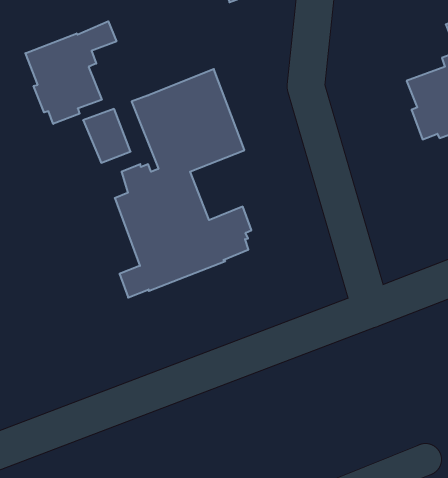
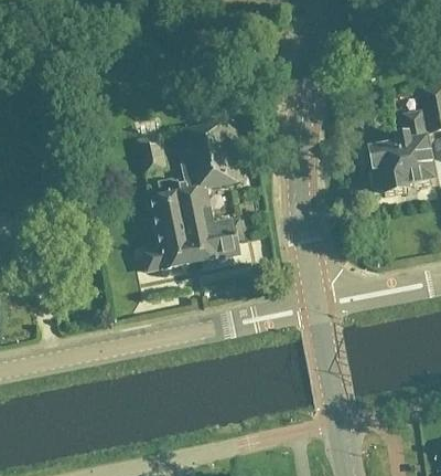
building: [25,21,116,124] -> none

